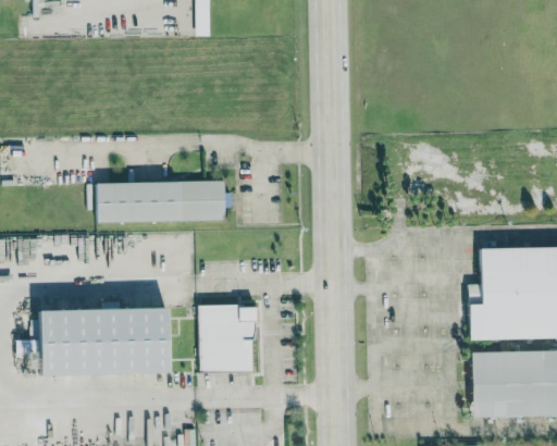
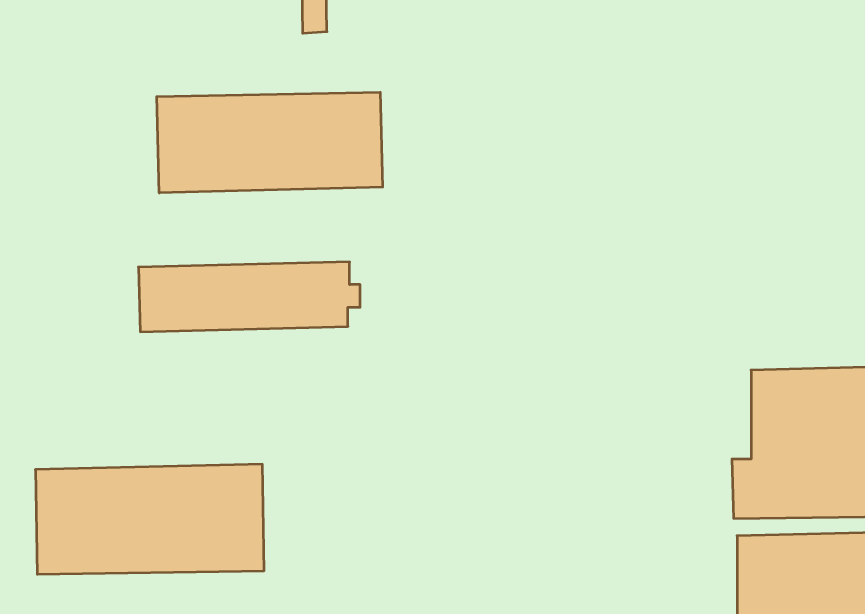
building: none -> [157,92,383,193]
building: [199,305,253,374] -> none

